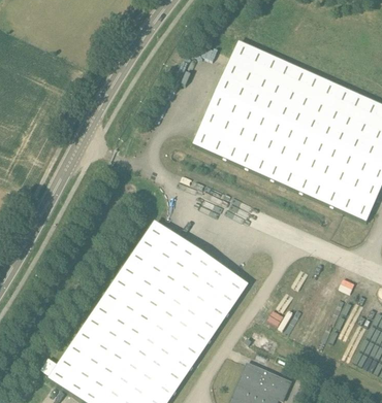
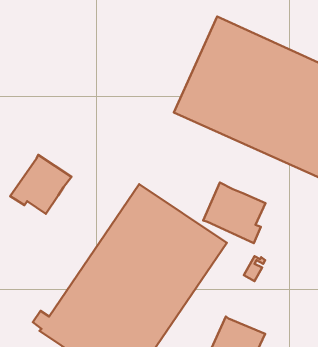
building: none -> [10,155,71,214]
building: none -> [203,182,265,243]

